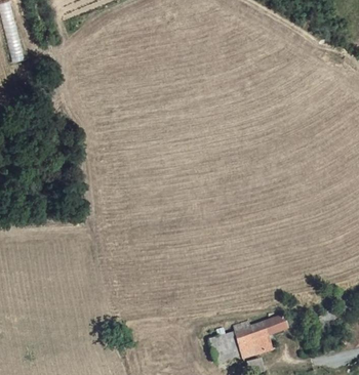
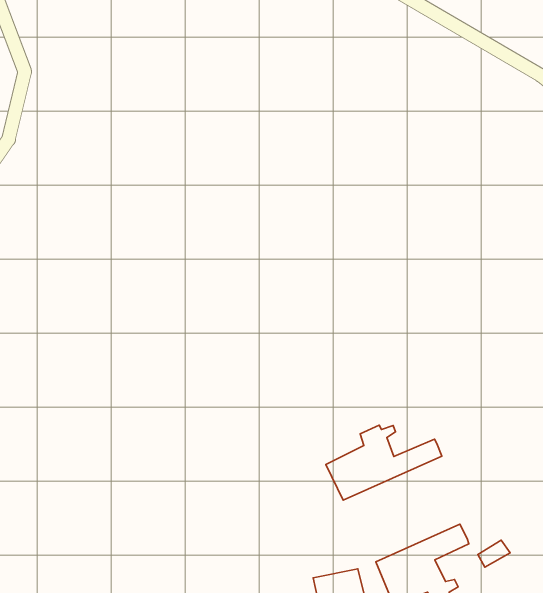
building: none -> [326,425,442,500]

